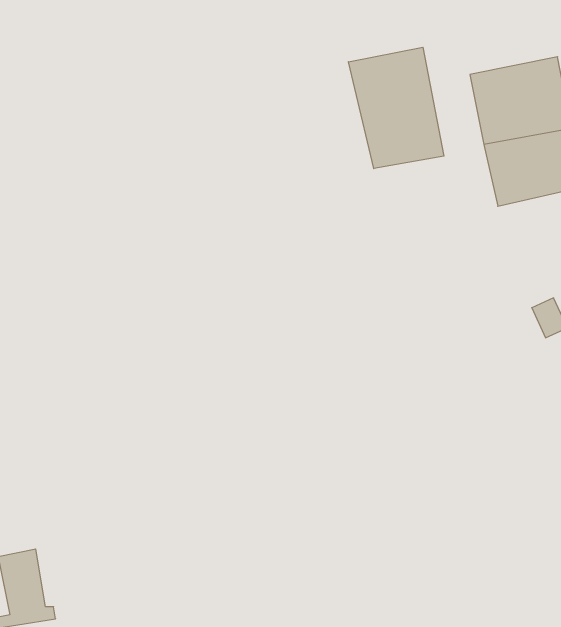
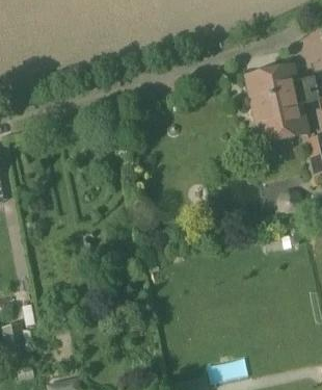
building: [348,47,444,169] -> none

